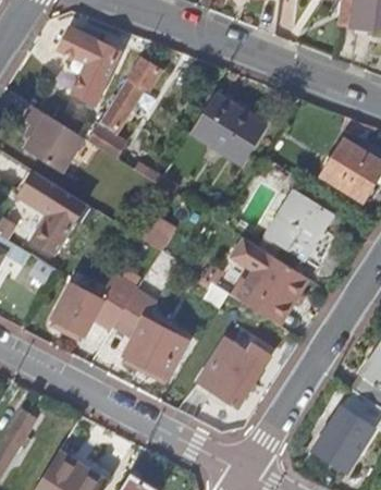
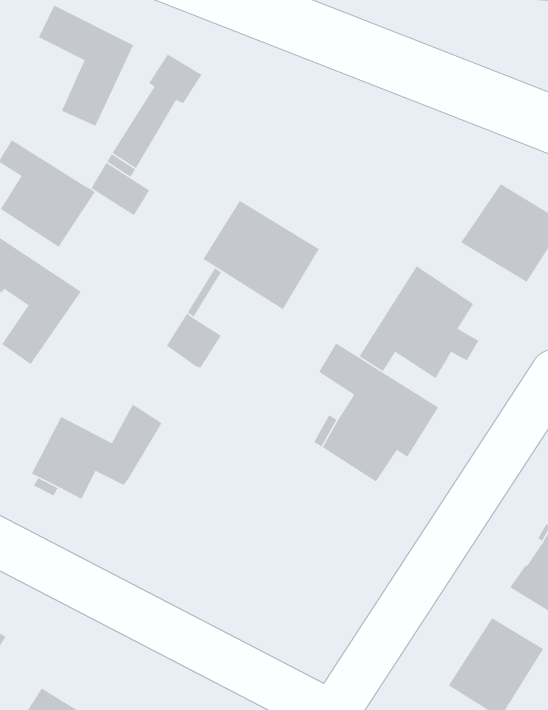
building: [192,94,265,162] -> [203,200,320,310]
building: [114,290,186,378] -> none
building: [195,336,263,408] -> none

